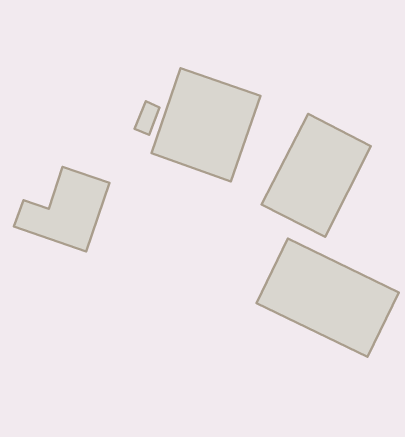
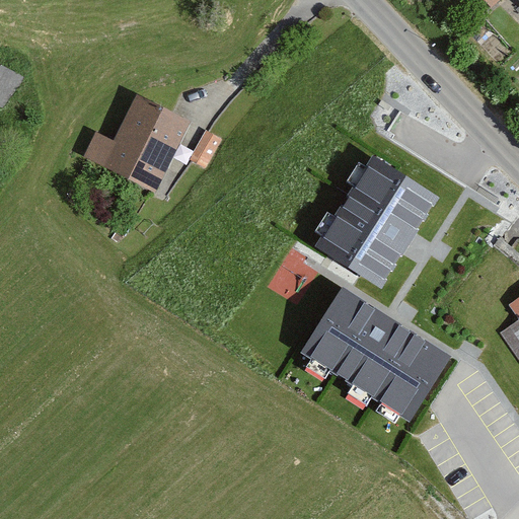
building: [152,68,260,181] -> none
building: [14,167,109,251] -> [81,91,189,184]

